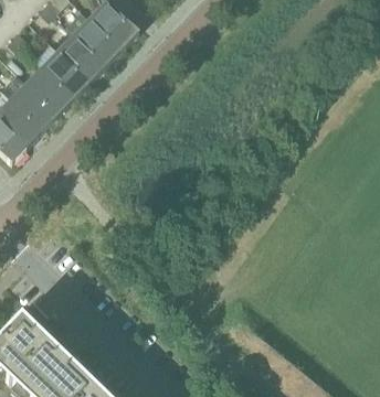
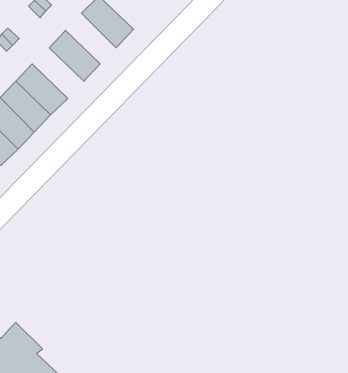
building: [73,14,122,63] -> none
building: [41,47,91,96] -> none

